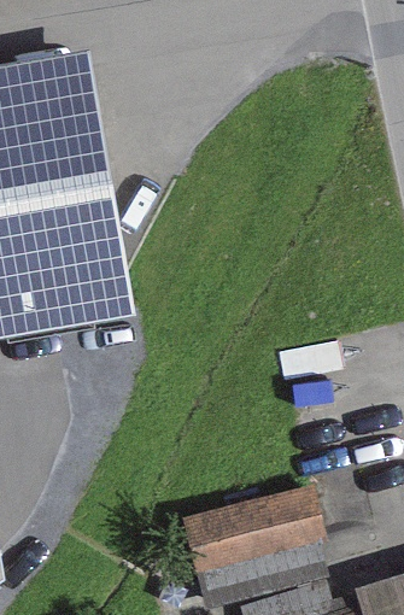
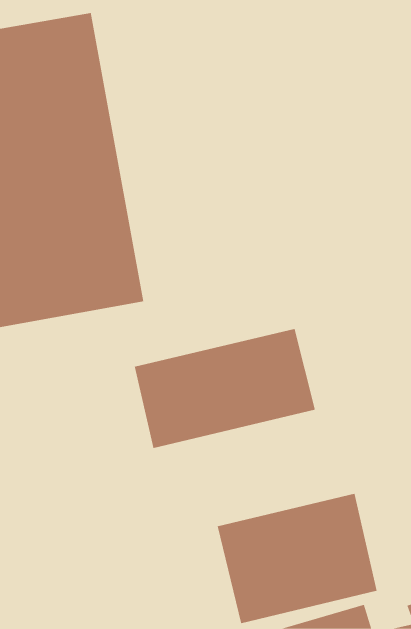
building: none -> [134,328,315,449]

